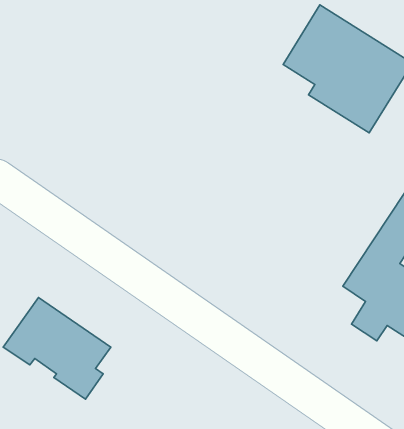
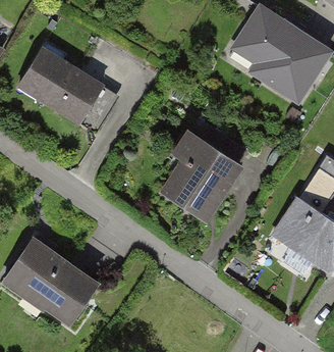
building: none -> [22,41,115,132]
building: none -> [163,120,247,219]

